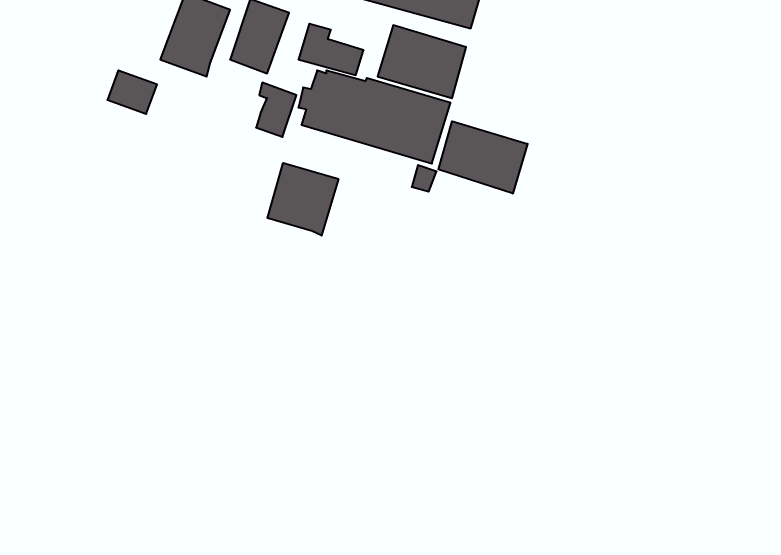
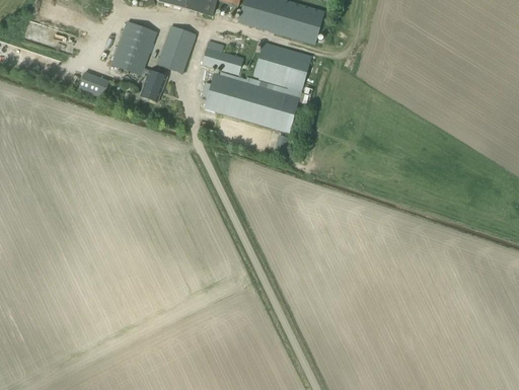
building: [256,83,296,137] -> [140,67,166,102]
building: [438,121,528,194] -> none
building: [267,163,338,236] -> none

